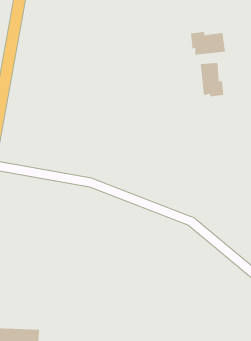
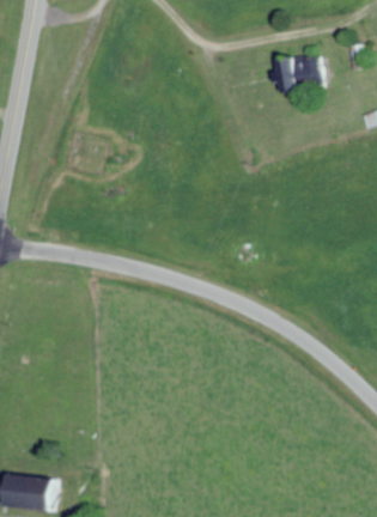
building: [200,62,224,97] -> none

